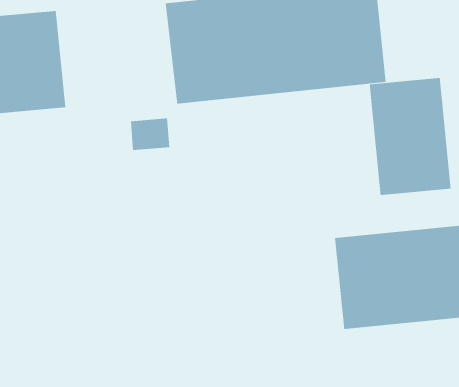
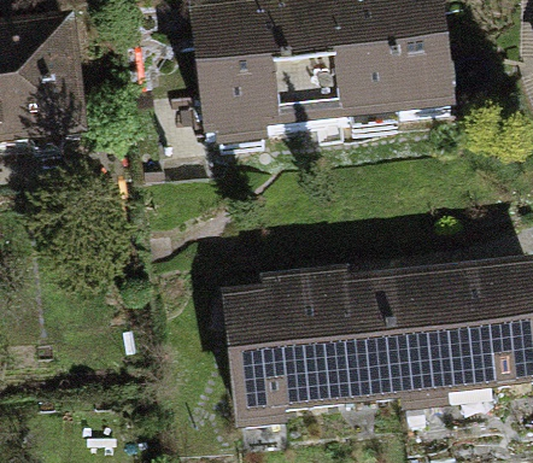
building: [369,77,451,196] -> none
building: none -> [228,272,399,405]

